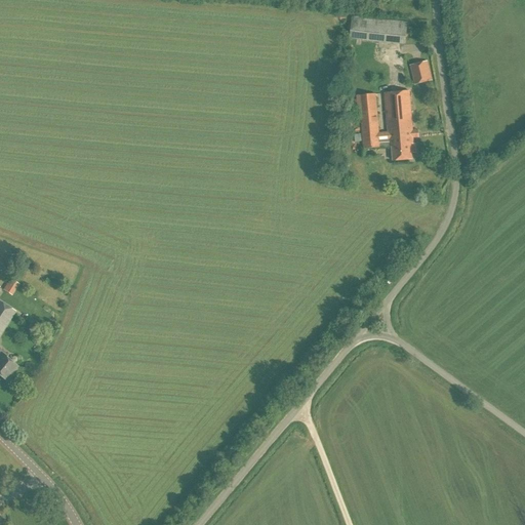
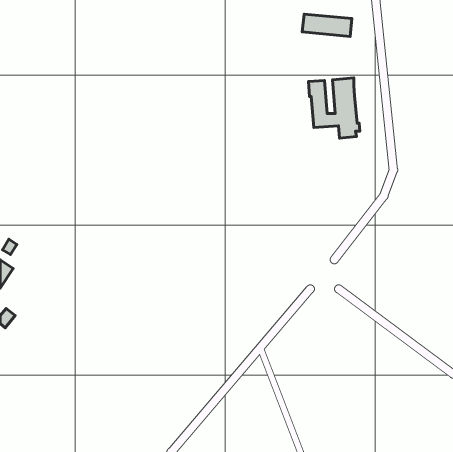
building: [409,59,433,84] -> none

